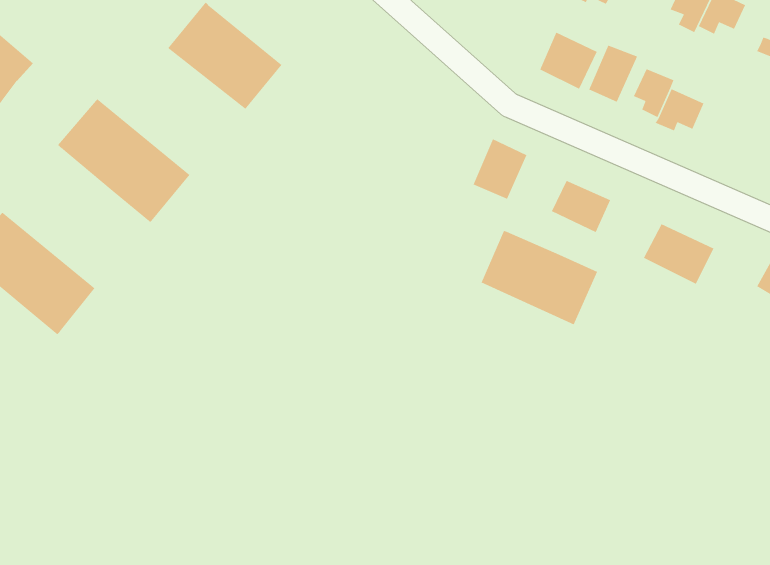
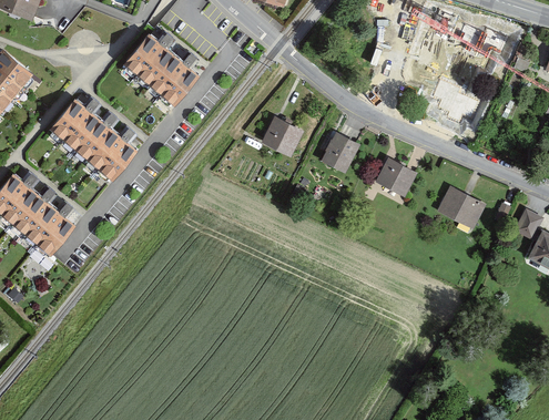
building: [588,44,638,103] -> none
building: none -> [266,113,304,148]
building: [481,230,598,325] -> none

